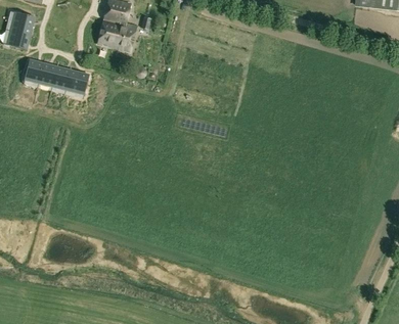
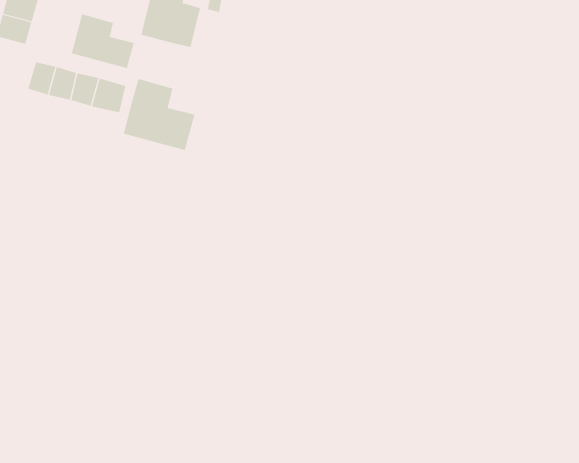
building: none -> [71,14,134,69]
building: none -> [123,78,195,151]

